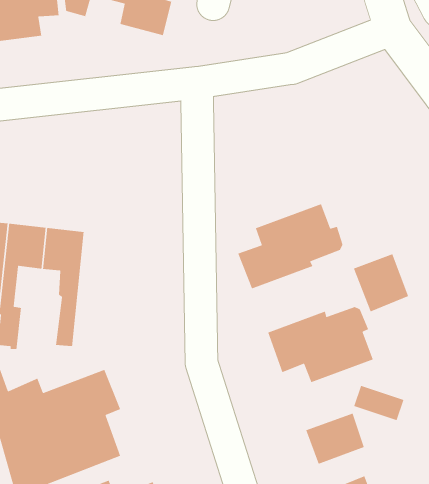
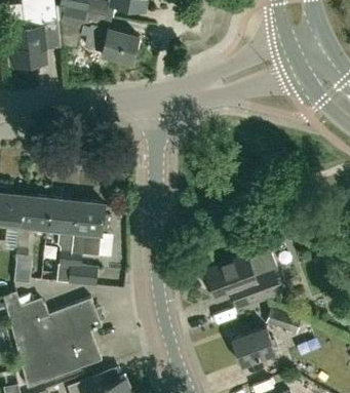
building: [237,203,344,289] -> none
building: none -> [69,201,105,285]
building: [353,253,409,313] -> none

